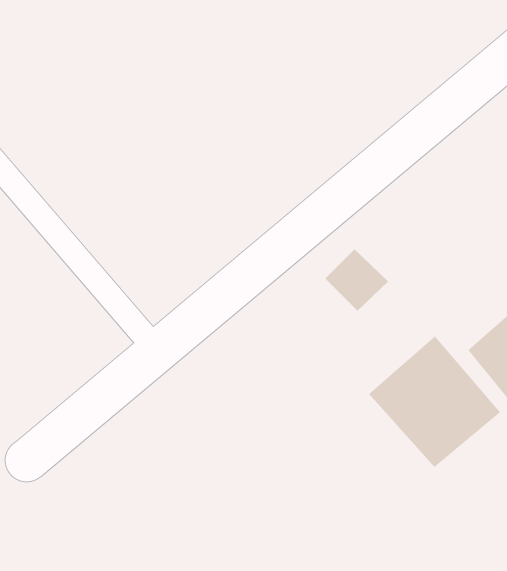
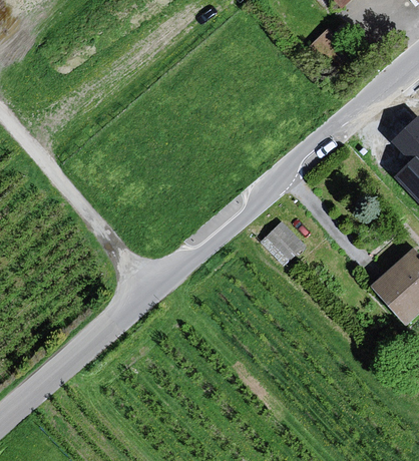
building: [368,335,501,468] -> none

